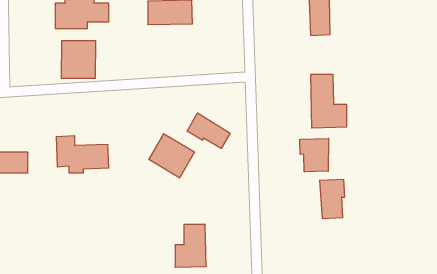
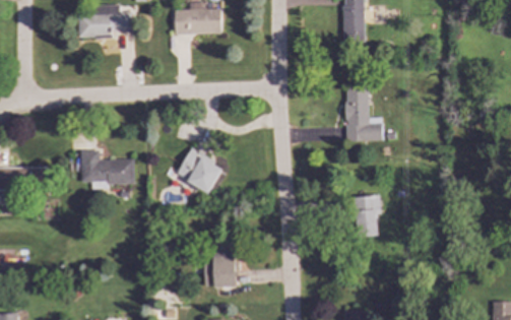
building: [61,41,96,78] -> none
building: [187,113,230,148] -> none
building: [300,138,329,172] -> none

